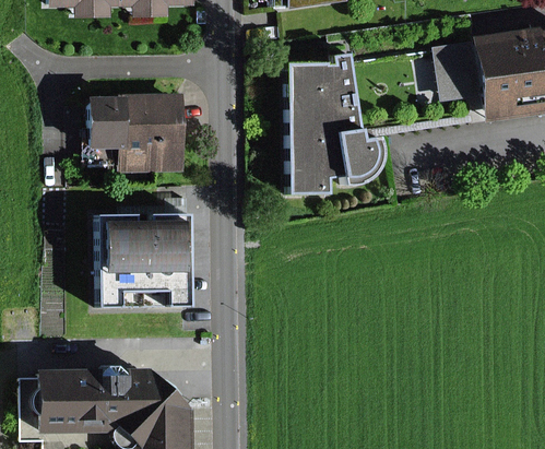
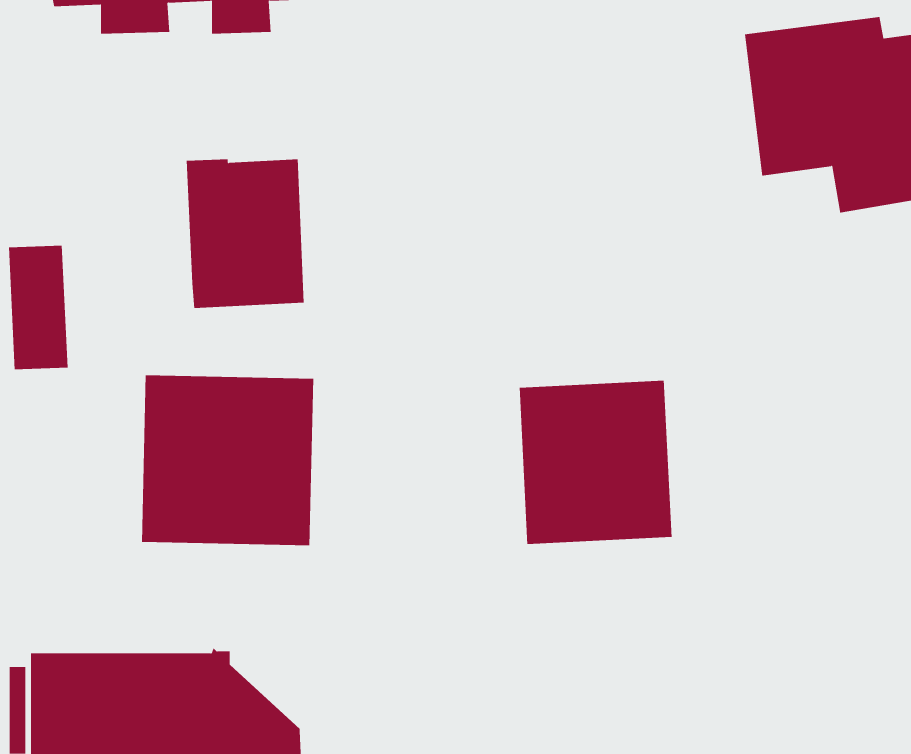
building: [285,50,387,196] -> none
building: [88,93,122,163] -> [8,245,68,370]
building: none -> [519,380,672,545]

